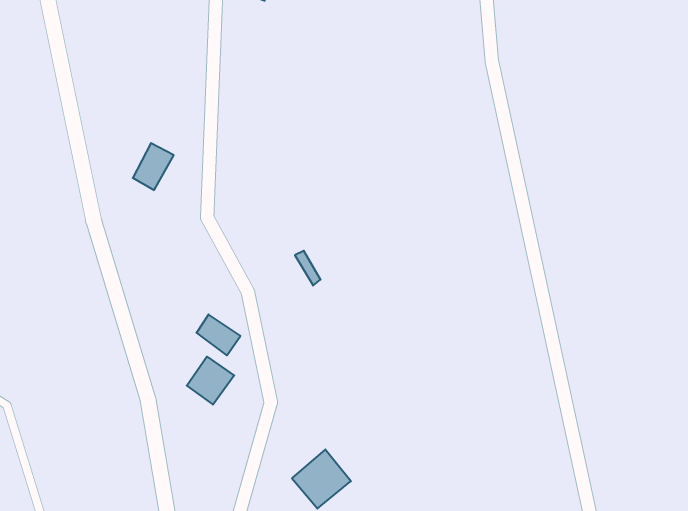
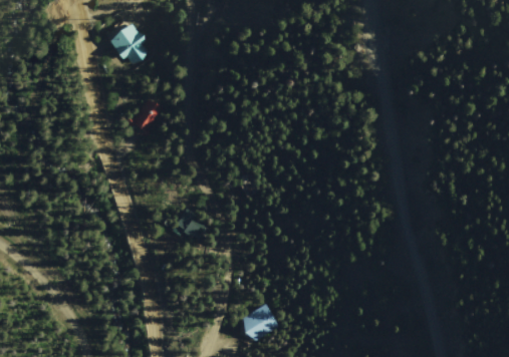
building: none -> [109,23,153,66]
building: [187,357,234,405] -> none

